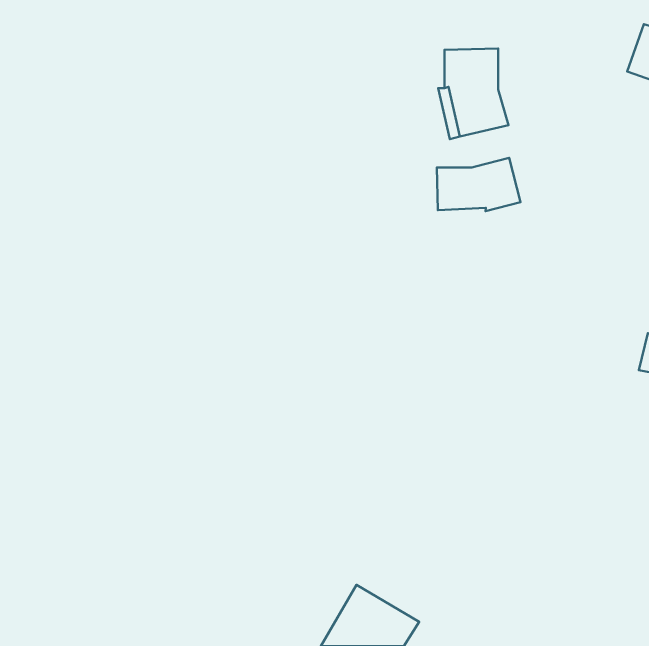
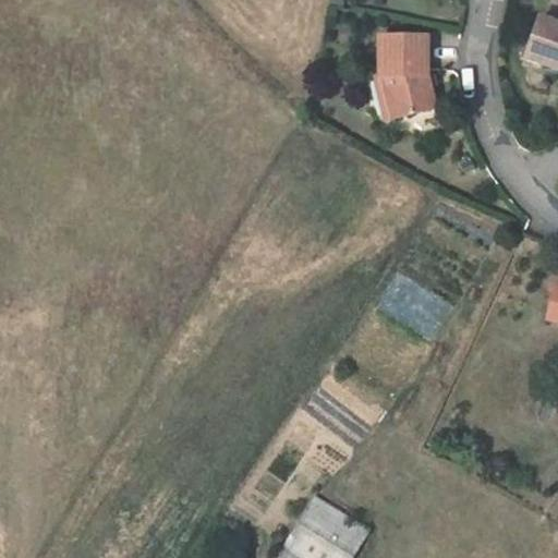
building: [437,158,521,211] -> none

